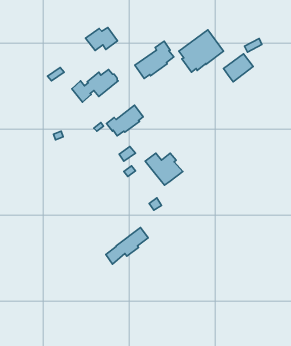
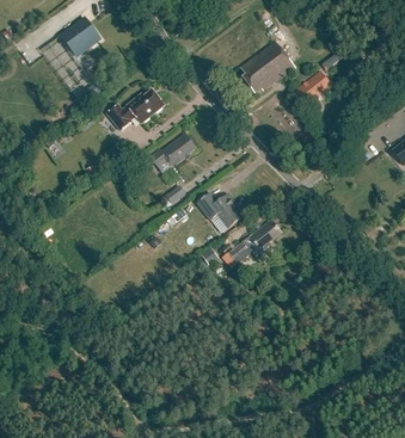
building: [86,27,117,51] -> [61,21,100,50]
building: [135,41,174,78] -> none
building: [106,227,148,264] -> [229,220,282,265]

